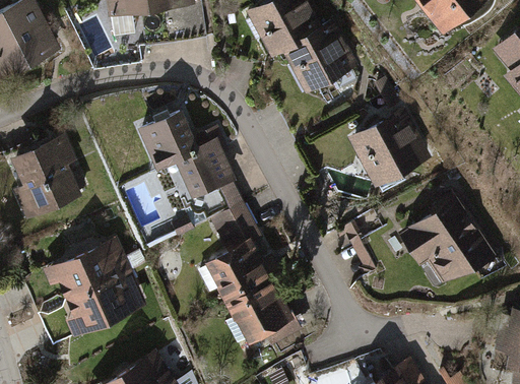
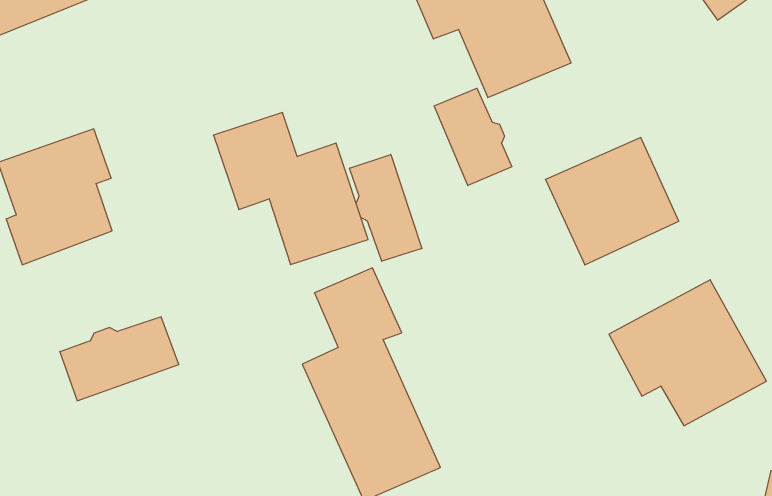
building: none -> [434,88,512,186]
building: none -> [350,154,422,261]
building: [68,272,142,328] -> none

